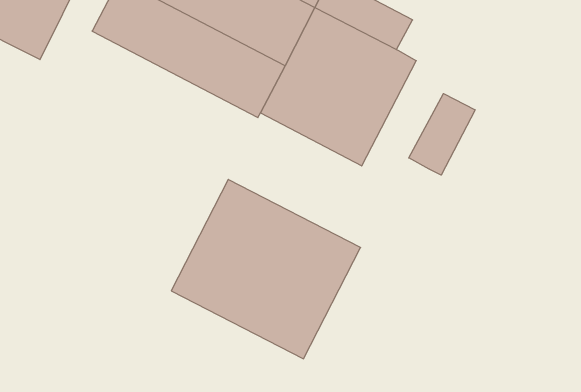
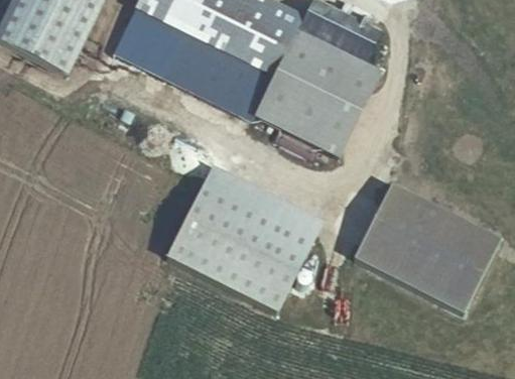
building: [409,94,475,175] -> none
building: none -> [361,195,505,321]

